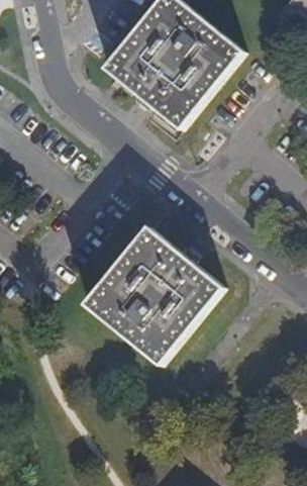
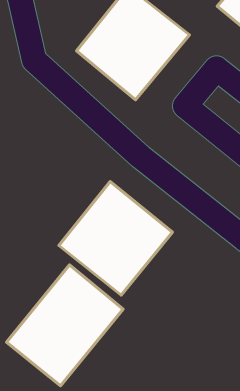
building: none -> [7,265,123,386]

